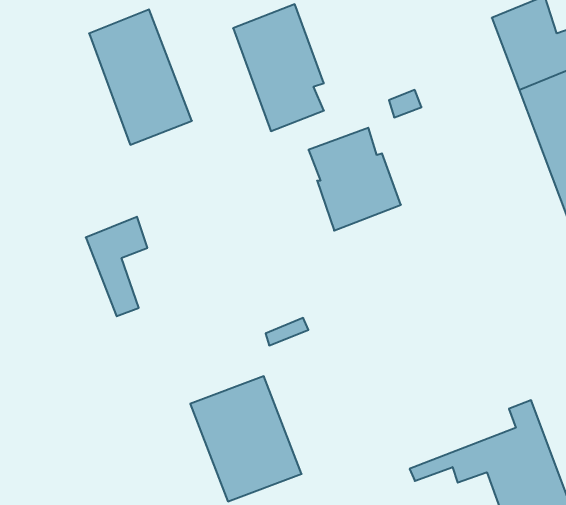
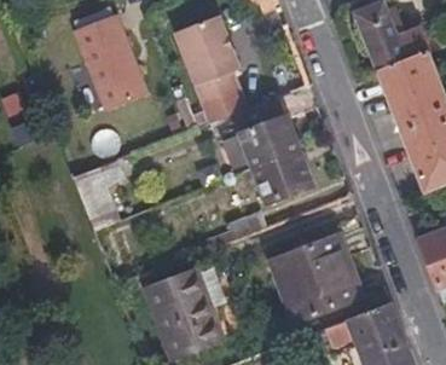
building: none -> [247,151,307,204]
building: none -> [270,233,363,323]

